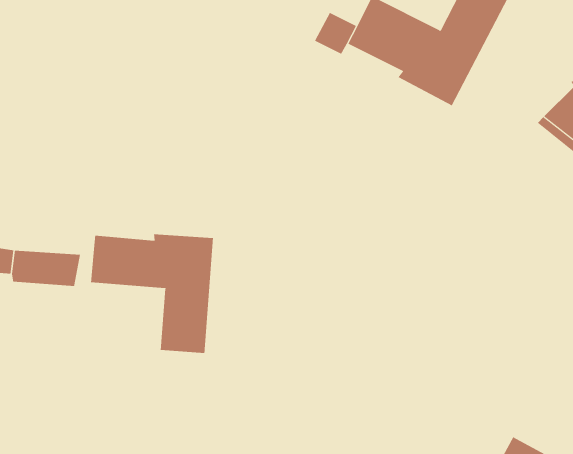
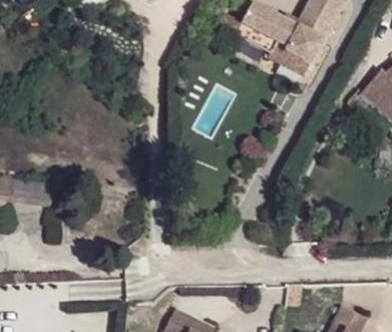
building: [90,233,213,354] -> none

